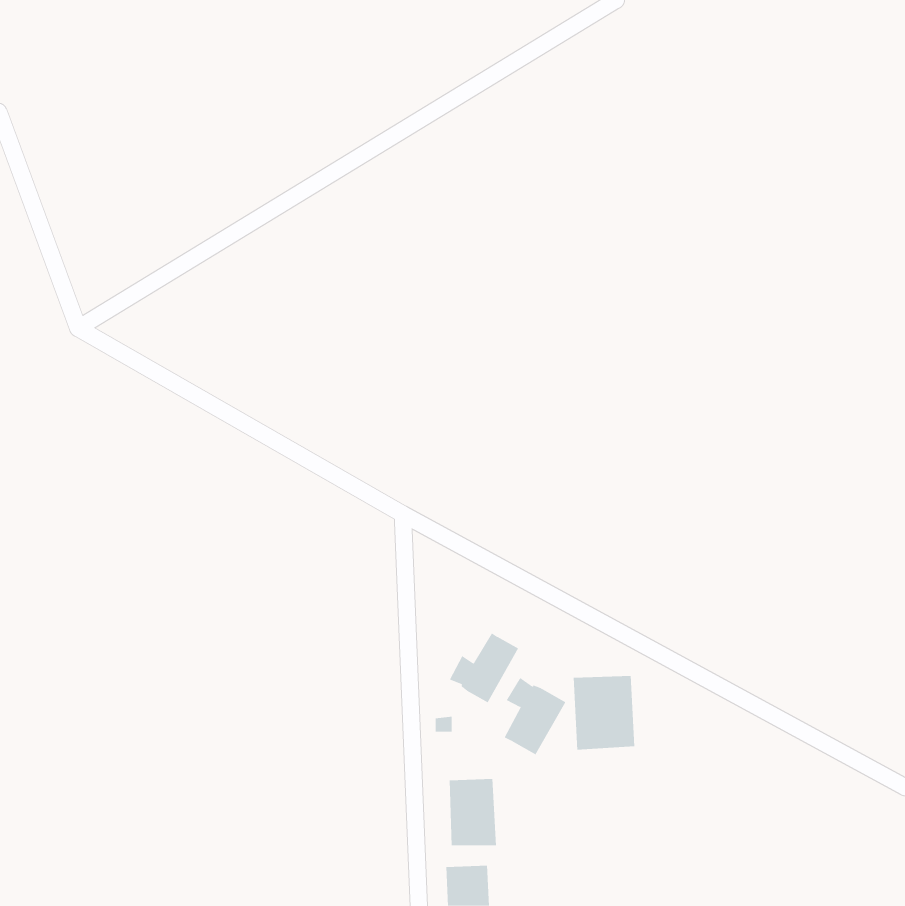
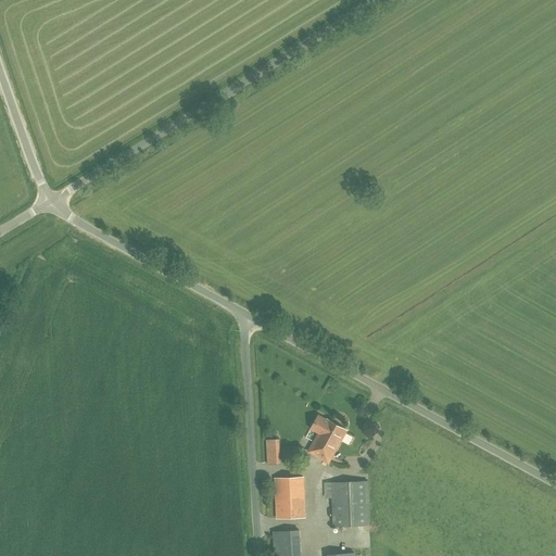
building: [449,633,519,703] -> none
building: [573,676,635,750] -> [331,481,369,527]

